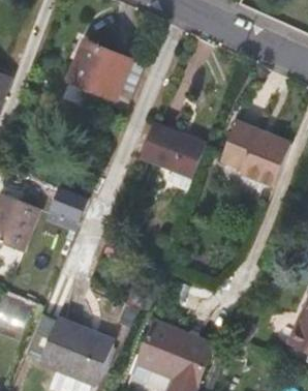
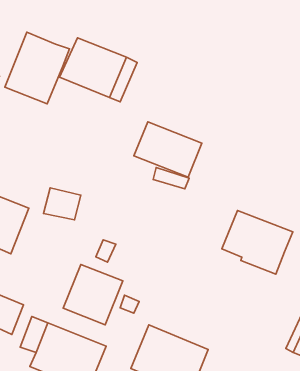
building: none -> [5,32,70,104]
building: [221,122,290,184] -> [222,211,293,274]
building: none -> [63,264,123,325]

